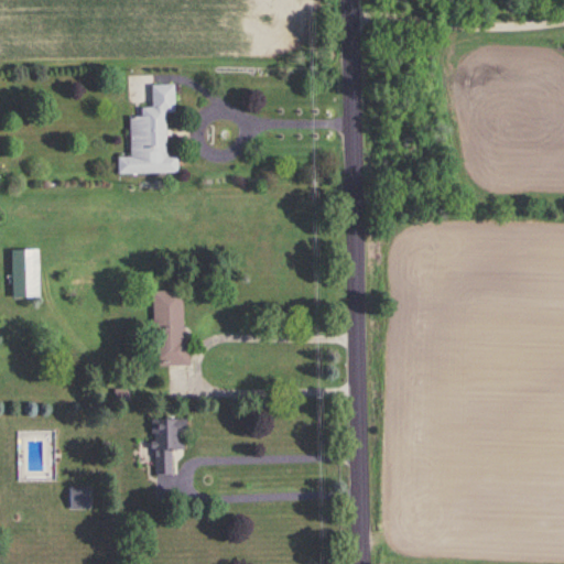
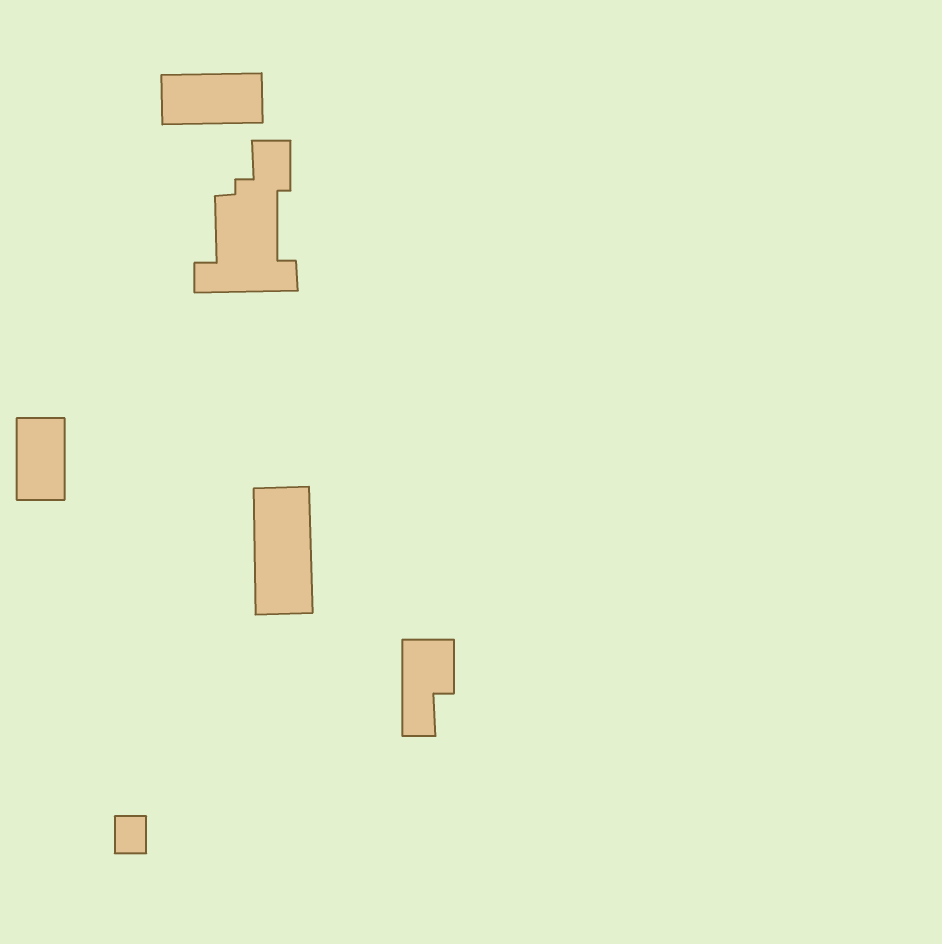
building: none -> [161,73,263,125]
building: [155,417,186,475] -> [402,640,454,736]

